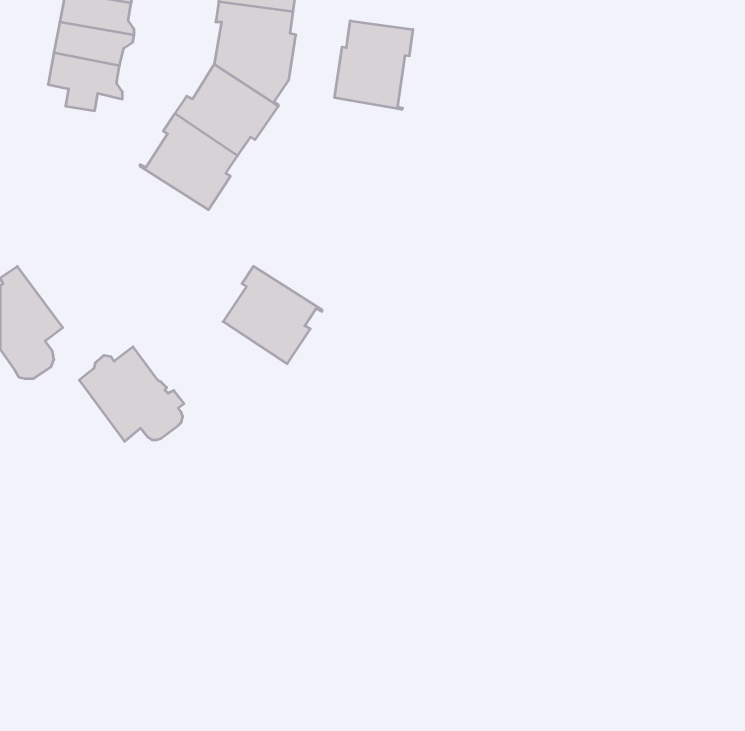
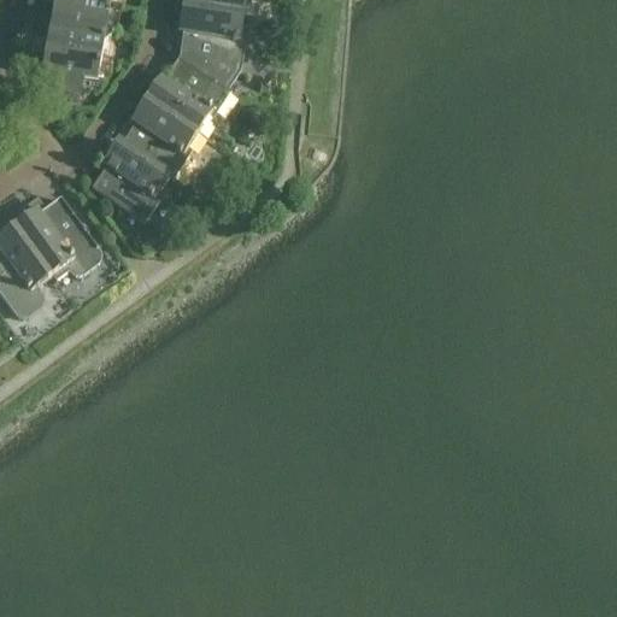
building: [335,21,413,110] -> none
building: [223,266,322,364] -> [90,137,172,218]
building: [79,347,184,441] -> [14,193,101,271]

